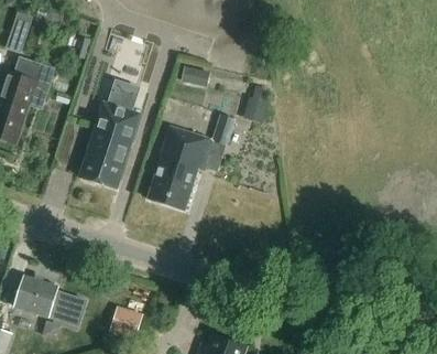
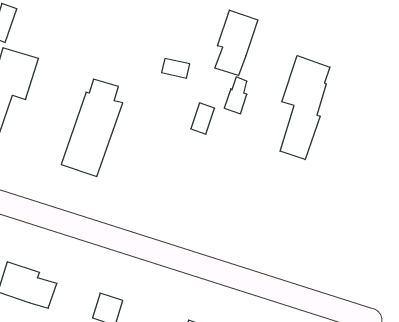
building: none -> [215,10,258,76]
building: none -> [280,56,330,160]
building: [149,129,207,211] -> none

